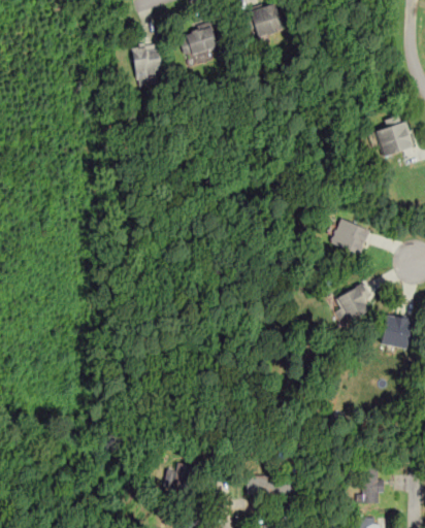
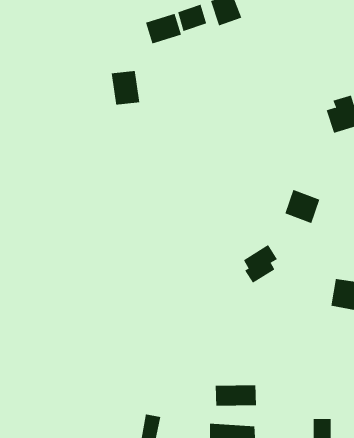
building: none -> [177,4,207,32]
building: [131,42,163,80] -> [111,70,140,105]
building: [334,283,372,326] -> [243,244,278,284]
building: none -> [215,384,257,407]

